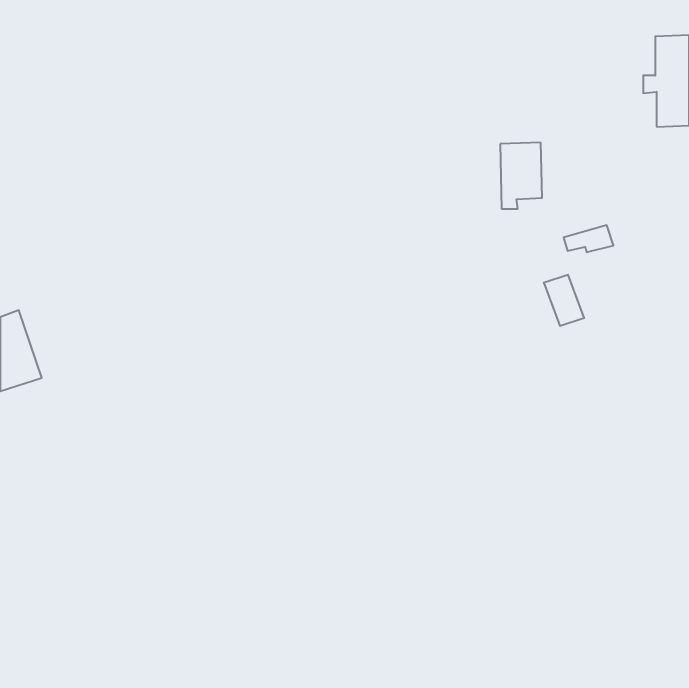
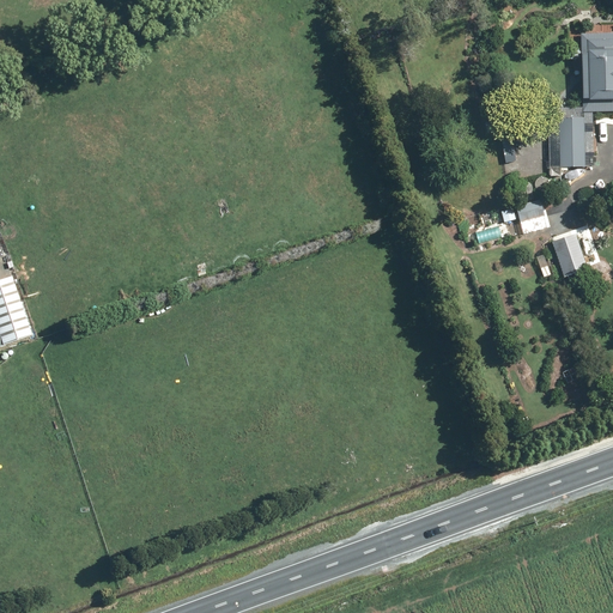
building: [500,143,542,209] -> [548,117,585,176]
building: [544,275,584,326] -> [553,231,589,277]

